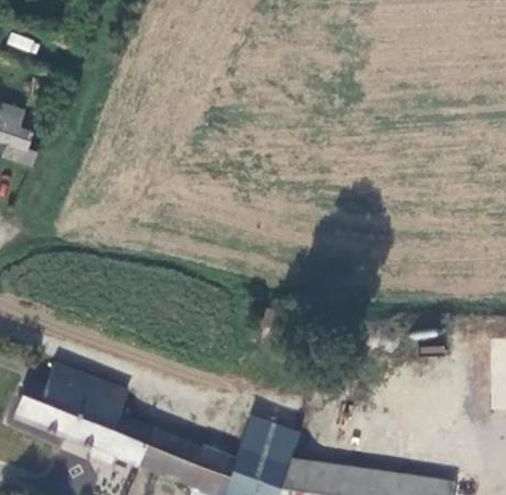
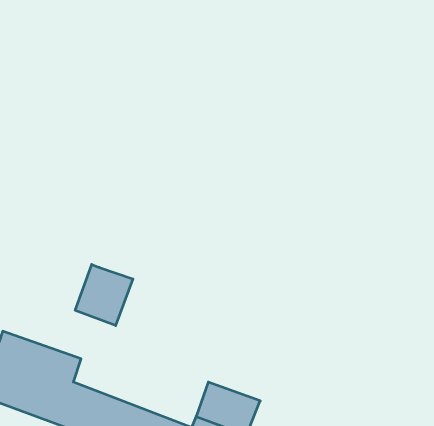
building: none -> [75,264,133,326]

